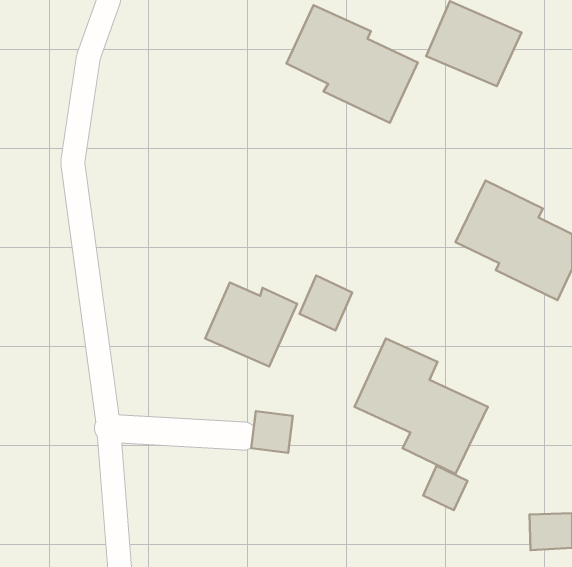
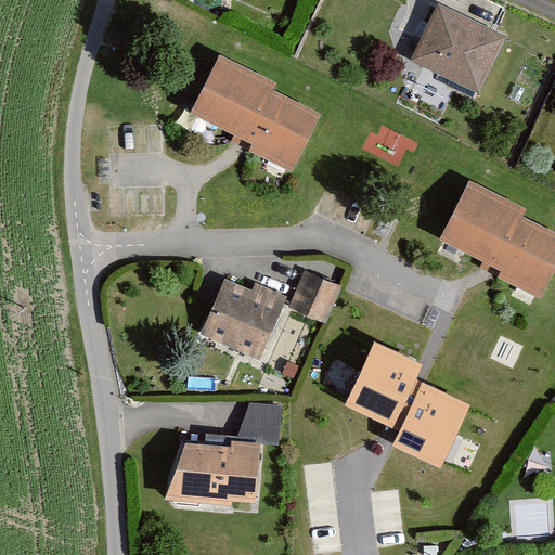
building: [287,5,418,123] -> [192,56,319,170]
building: none -> [164,441,263,502]
building: [423,466,467,510] -> none

